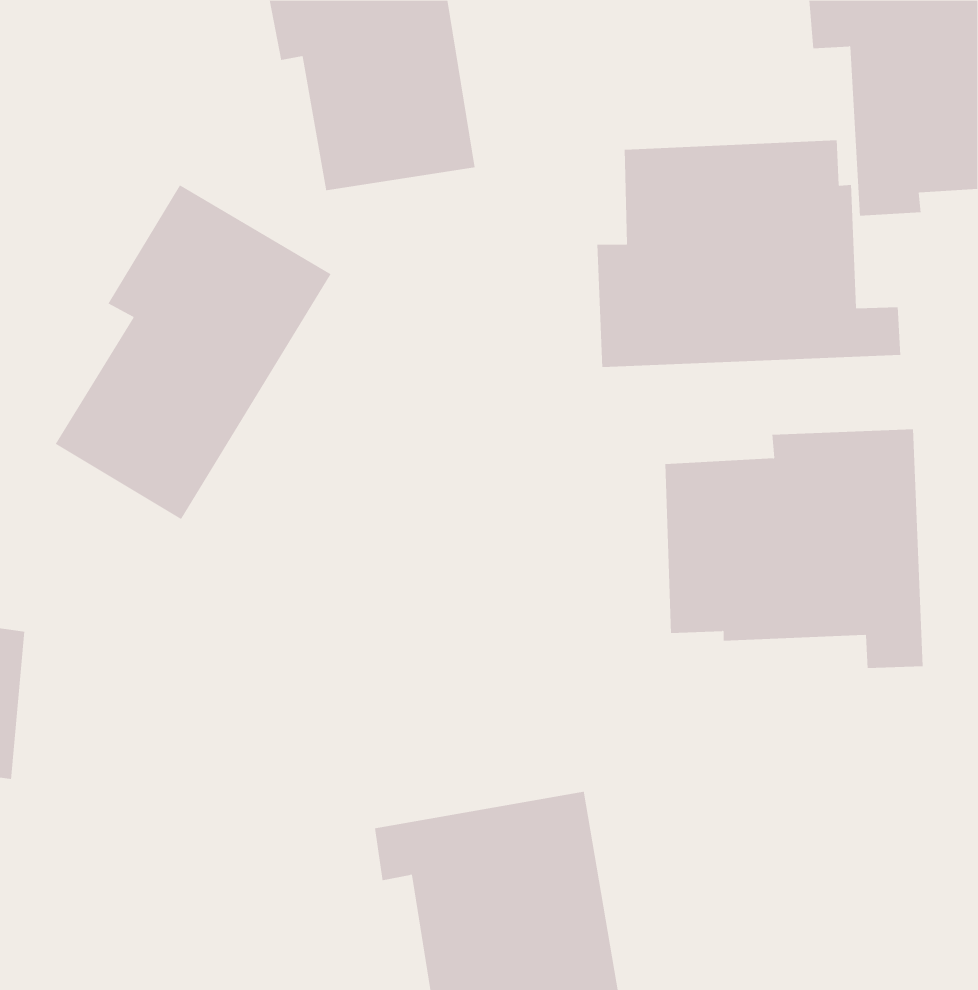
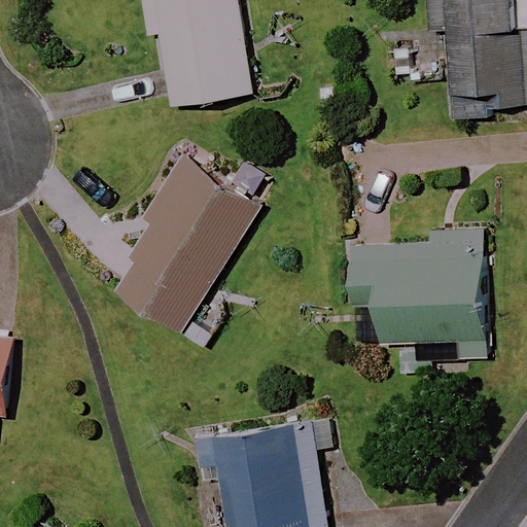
building: [597,139,901,368] -> none
building: [55,185,332,520] -> [114,155,260,332]

